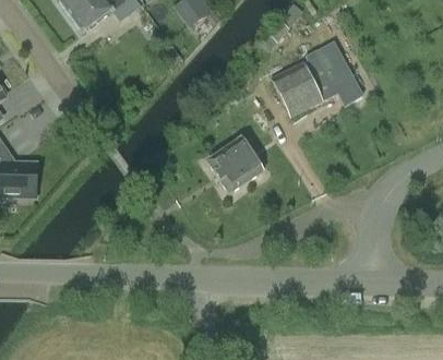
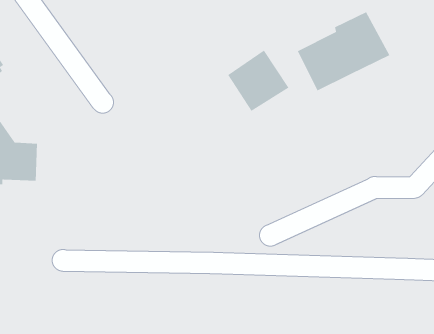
building: [206,135,263,192] -> [227,50,289,112]

